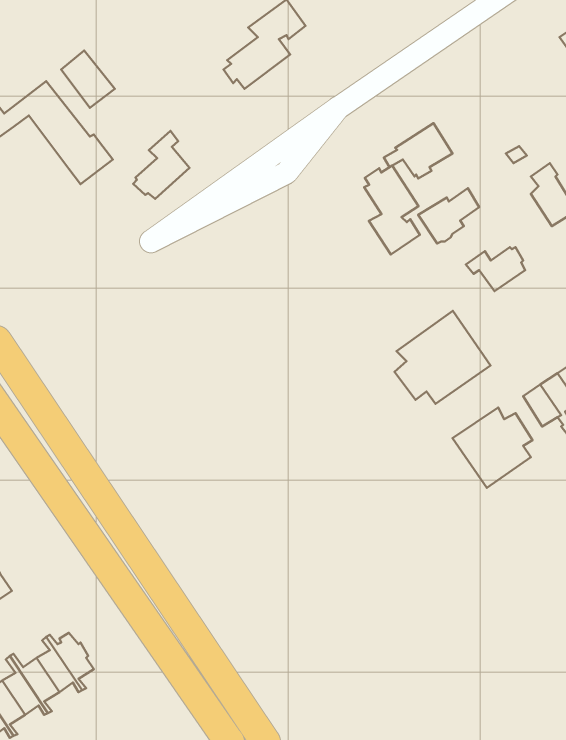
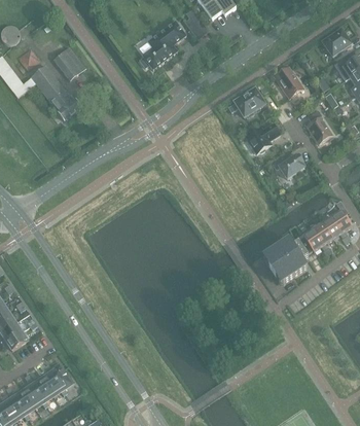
building: none -> [274,66,302,98]
building: [133,131,190,199] -> none
building: [364,166,420,255] -> none
building: [394,311,491,404] -> none

